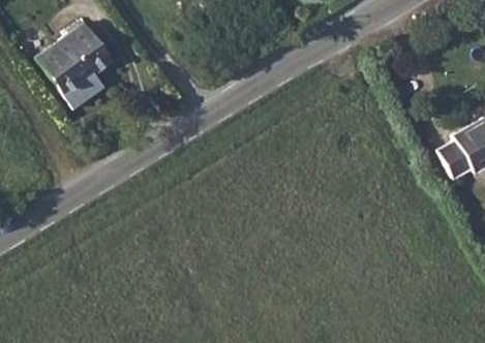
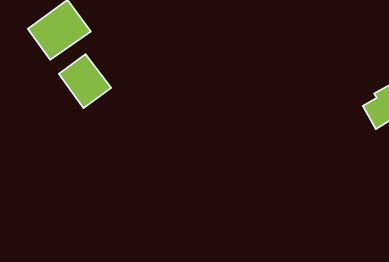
building: none -> [59,54,111,108]

